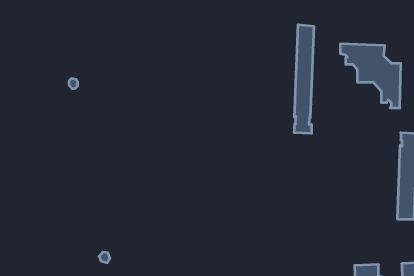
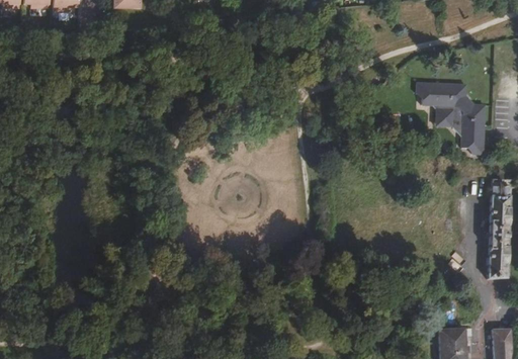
building: [294,25,314,133] -> none

